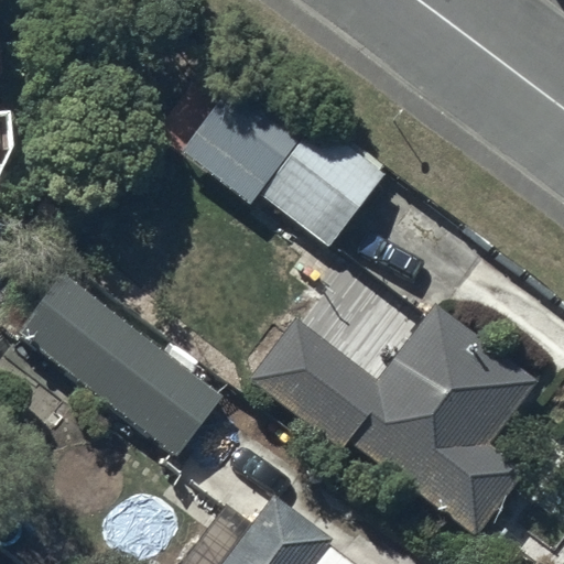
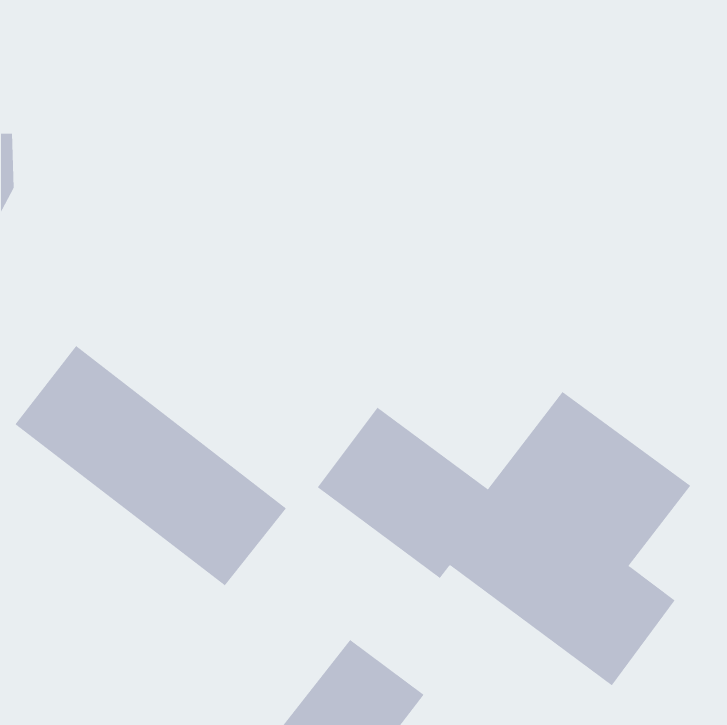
building: [180,82,388,248] -> none

